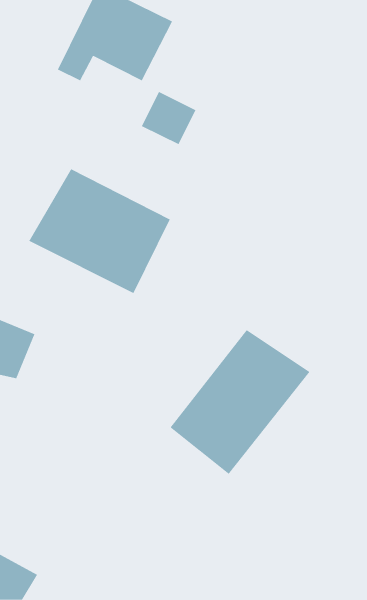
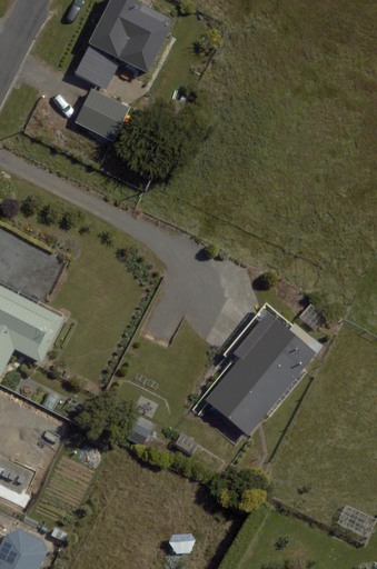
building: [141,91,196,145] -> [83,91,136,142]
building: [28,168,171,294] -> none

